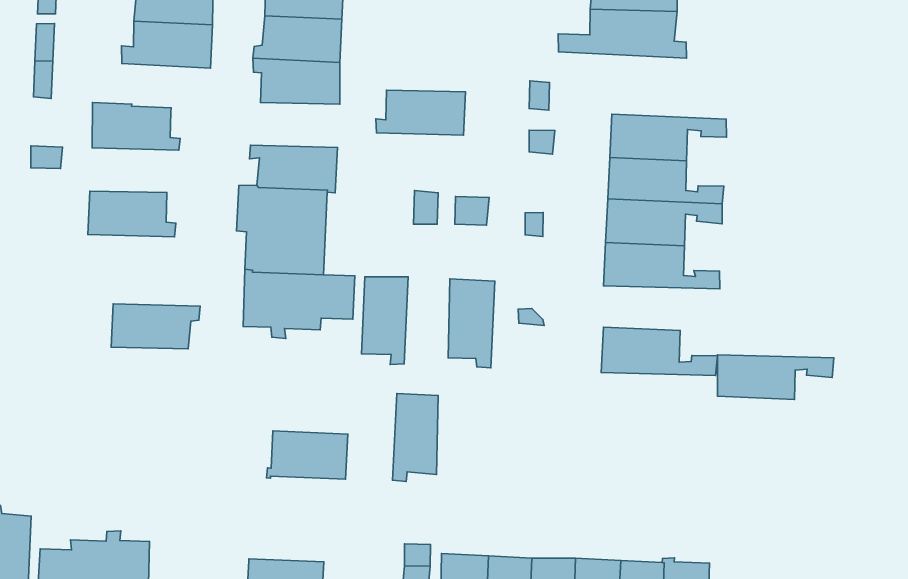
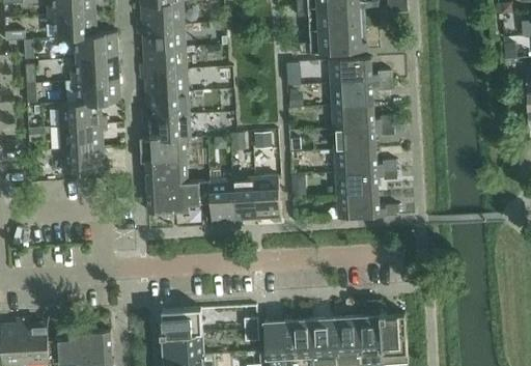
building: none -> [72,79,119,104]
building: none -> [329,58,391,83]
building: [376,90,466,135] -> [142,91,189,117]
building: [111,304,200,349] -> [60,123,106,149]
building: [717,355,834,400] -> [335,169,396,195]
building: [392,394,438,482] -> [232,177,257,224]
building: [266,431,348,479] -> [161,308,202,335]

